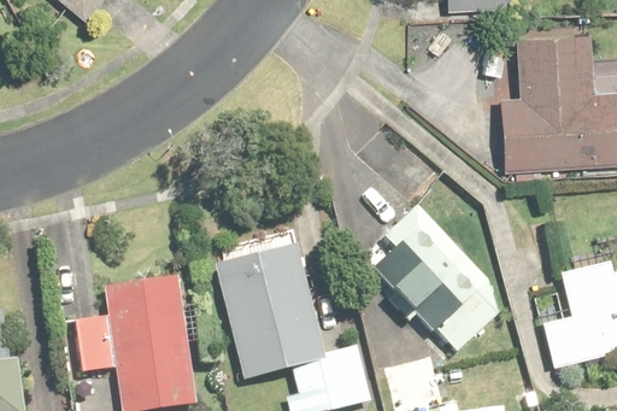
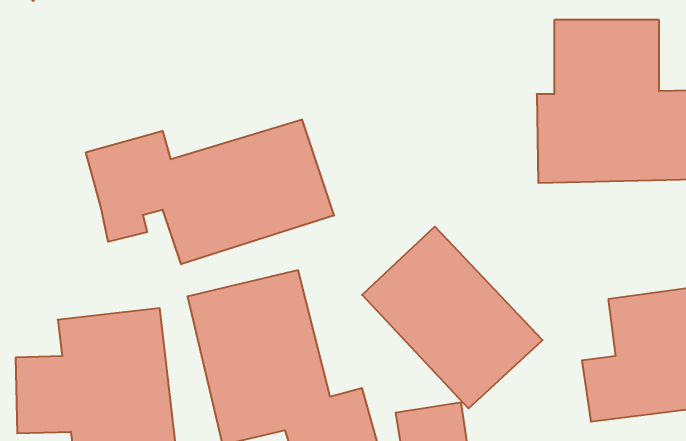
building: none -> [86,119,334,264]

